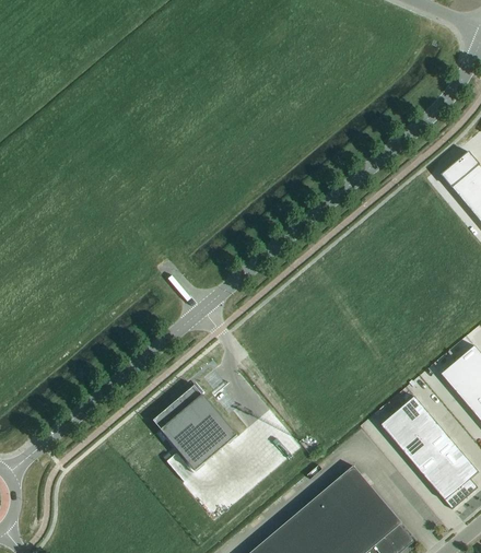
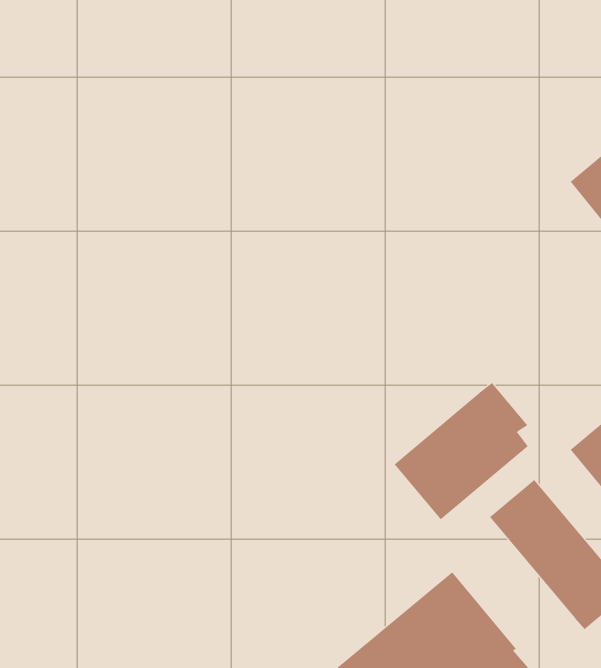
building: none -> [394,382,528,520]
building: [153,386,238,471] -> none

